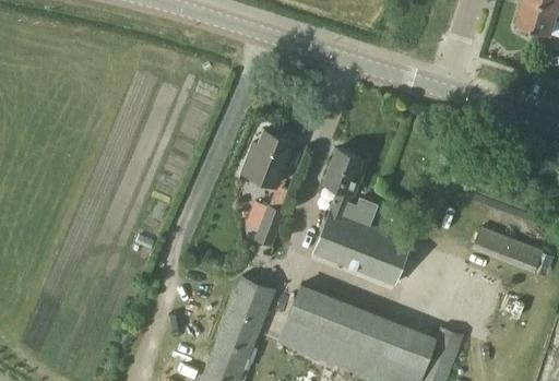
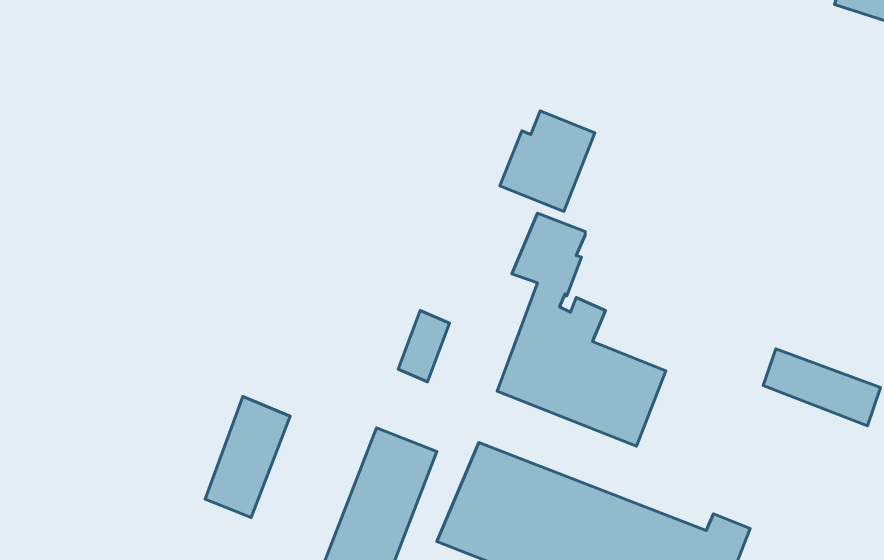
building: [239,129,296,189] -> [500,111,595,211]
building: none -> [205,397,290,518]

